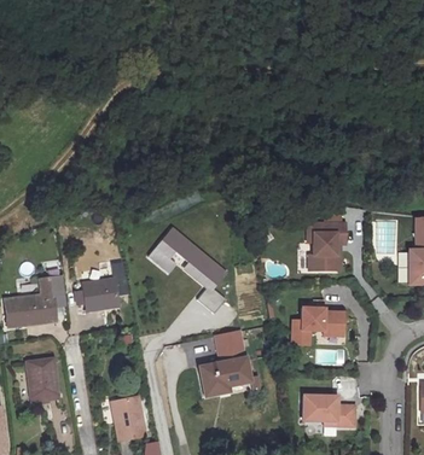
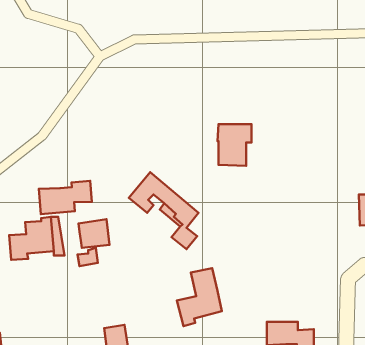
building: [306,223,344,270] -> [217,124,252,166]
building: none -> [39,181,92,214]
building: [294,308,344,344] -> none
building: [31,360,63,397] -> none

